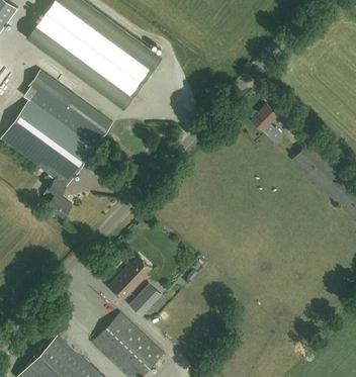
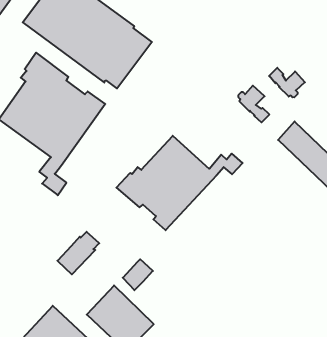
building: none -> [269,68,305,97]
building: none -> [116,136,243,230]
building: [108,256,152,300] -> [57,232,99,274]

